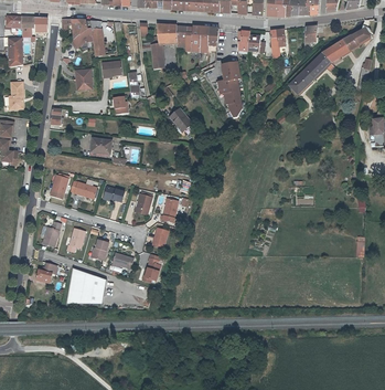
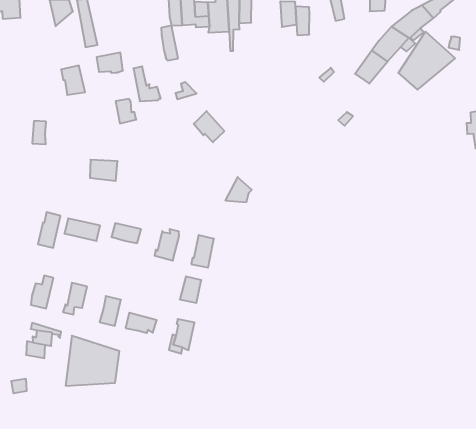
building: none -> [398,32,455,90]
building: [217,62,242,117] -> none

